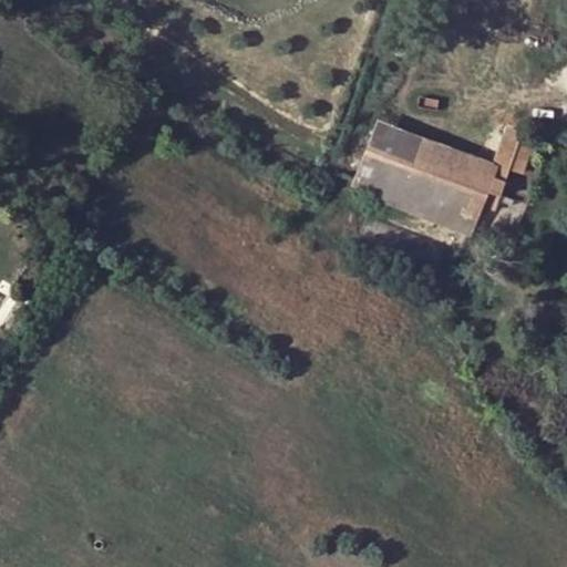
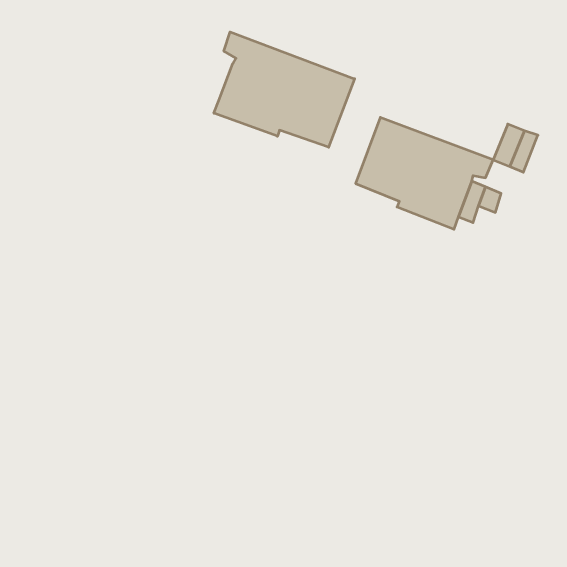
building: none -> [214,32,355,147]

